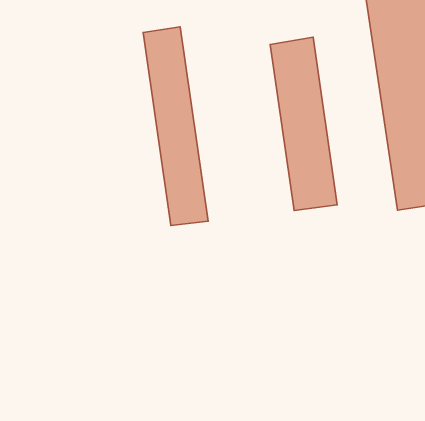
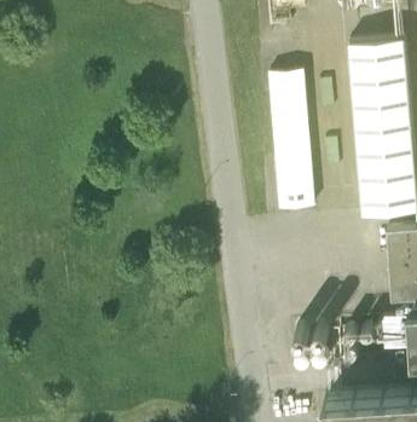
building: [143,27,208,225] -> none

